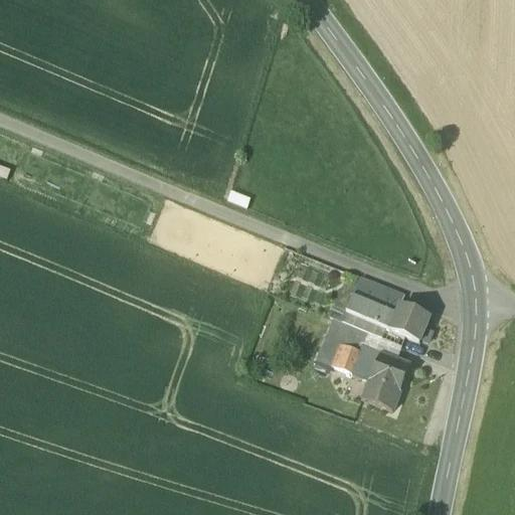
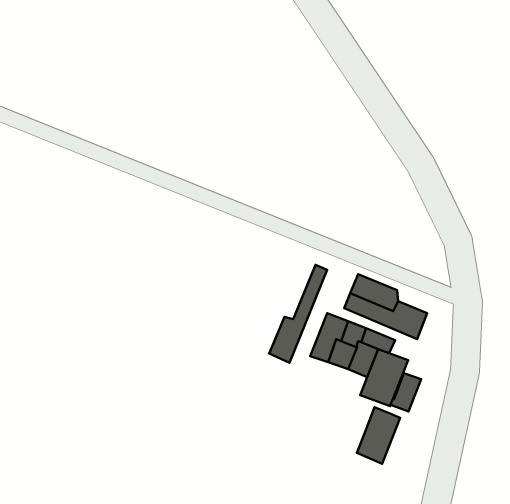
building: none -> [269,265,327,363]
building: none -> [391,373,421,412]
building: none -> [357,407,400,464]

